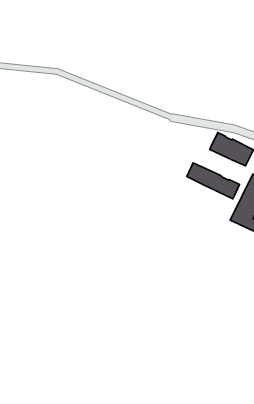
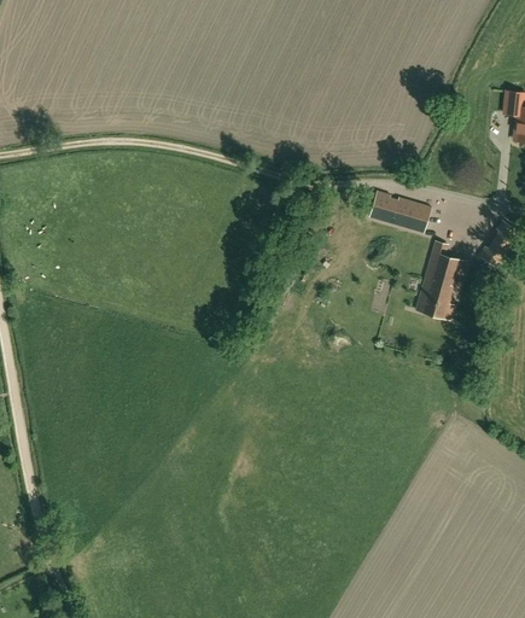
building: [187,163,240,199] -> none

